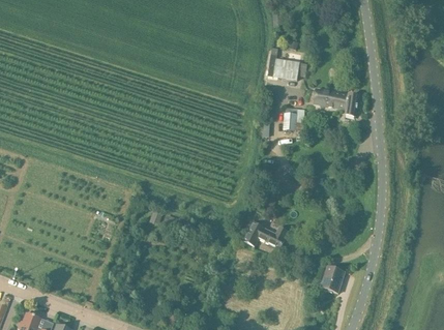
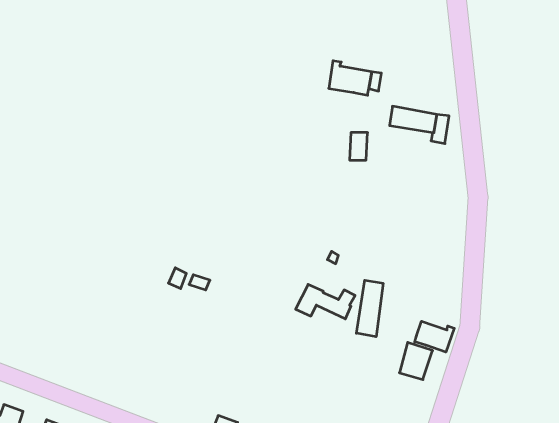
building: none -> [356,280,383,337]
building: none -> [415,321,454,352]

